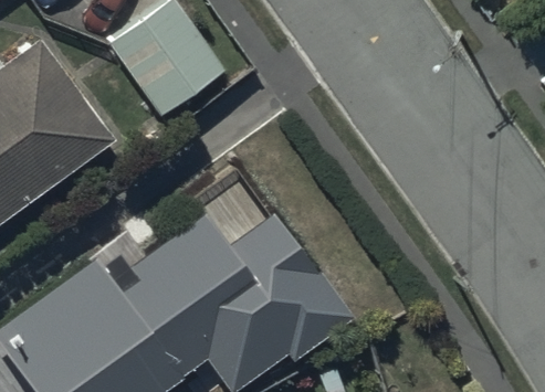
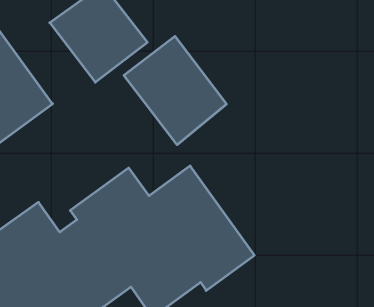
building: none -> [124,36,226,145]

